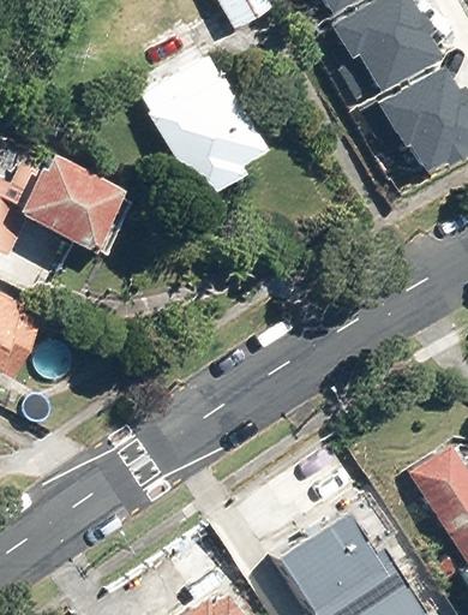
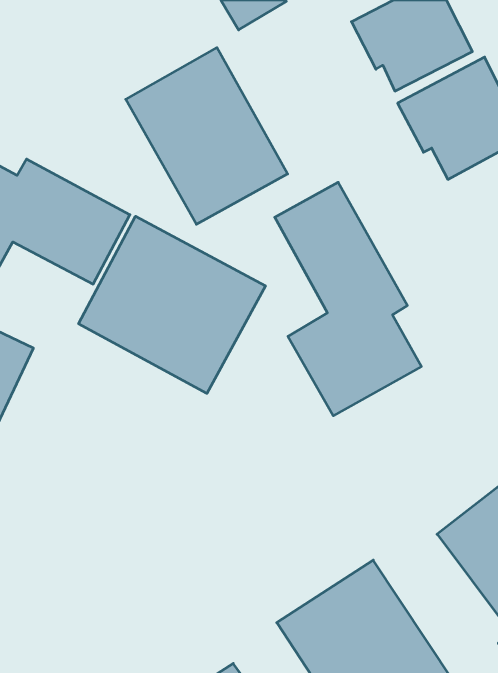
building: none -> [275,182,421,416]
building: none -> [79,216,265,393]

